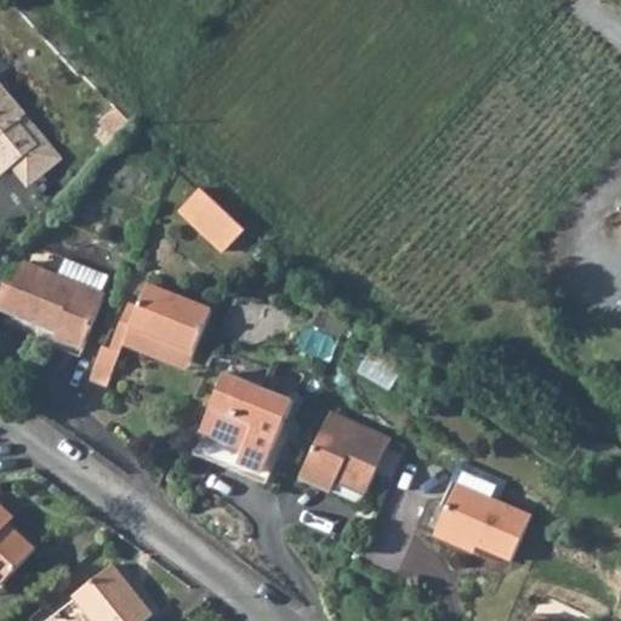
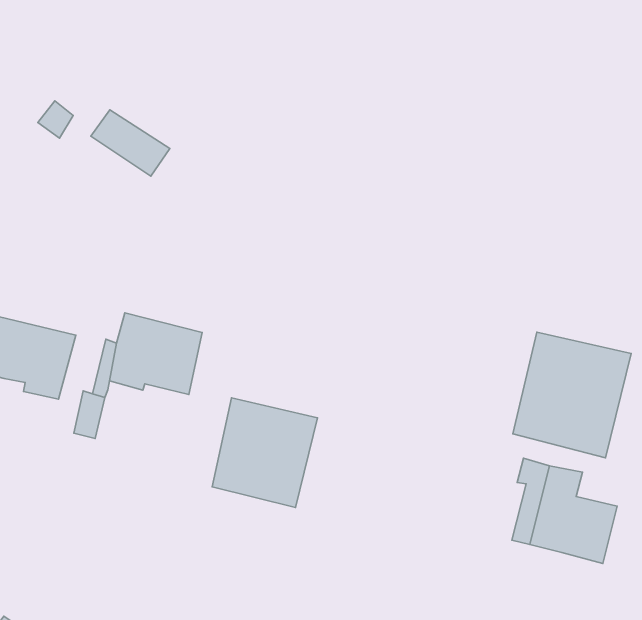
building: [182,182,246,243] -> [91,110,170,176]
building: none -> [513,332,631,458]
building: [301,409,389,491] -> none

